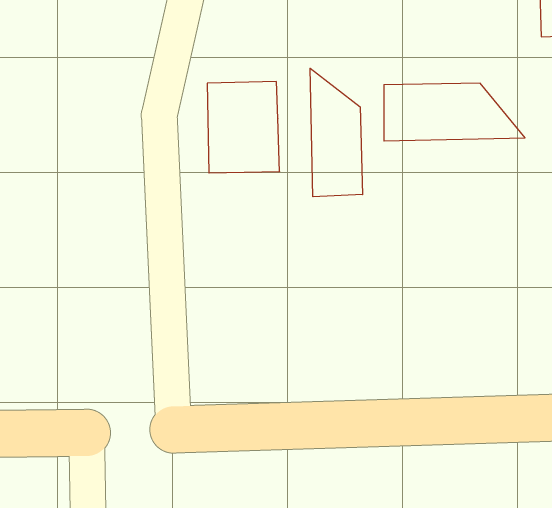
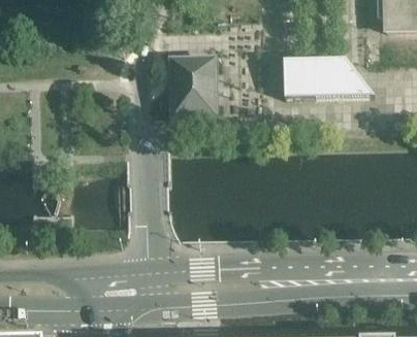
building: [310,68,363,197] -> none

